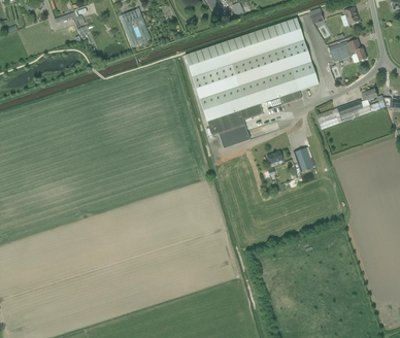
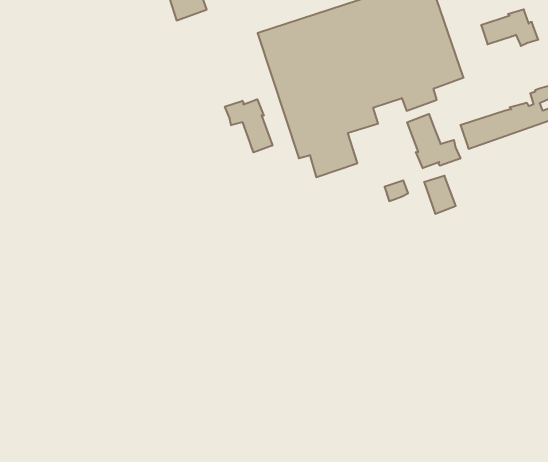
building: none -> [225,99,272,152]
building: none -> [407,114,460,168]

